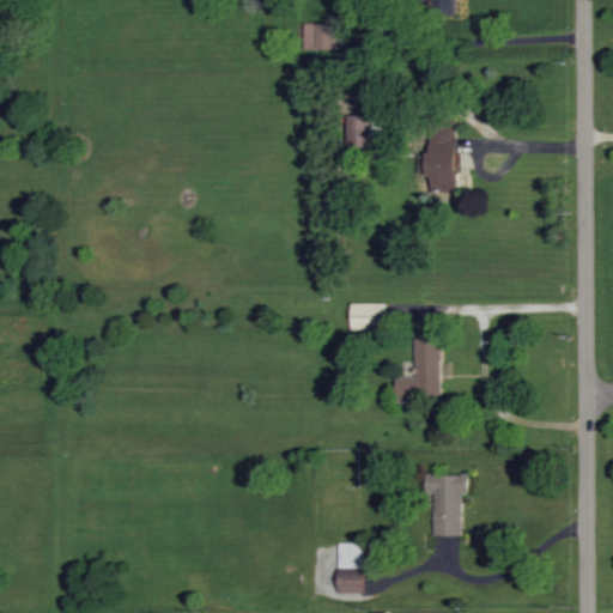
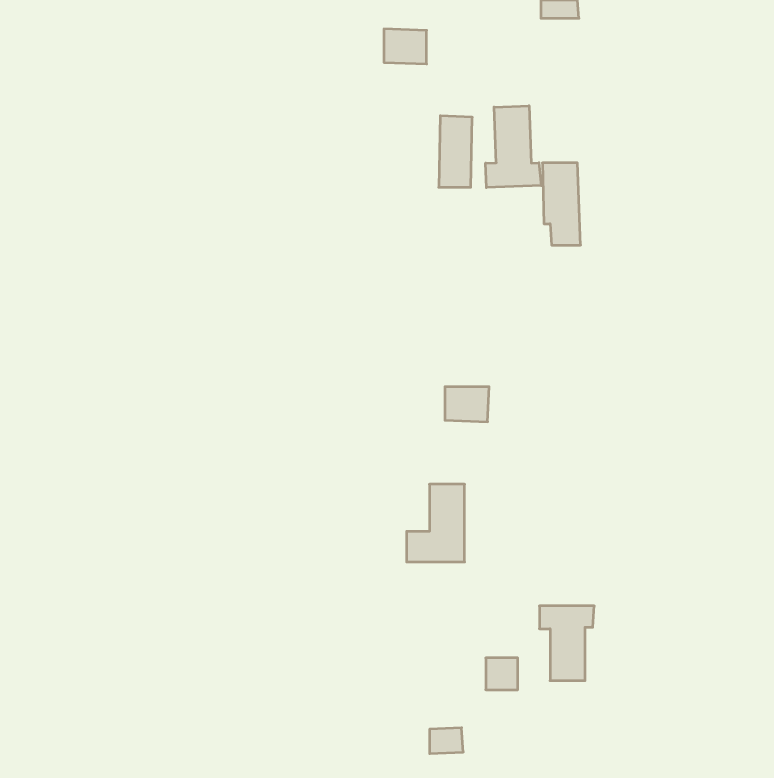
building: none -> [486,106,541,188]
building: [395,340,441,401] -> [407,484,465,562]
building: [338,542,363,568] -> [486,658,518,690]

